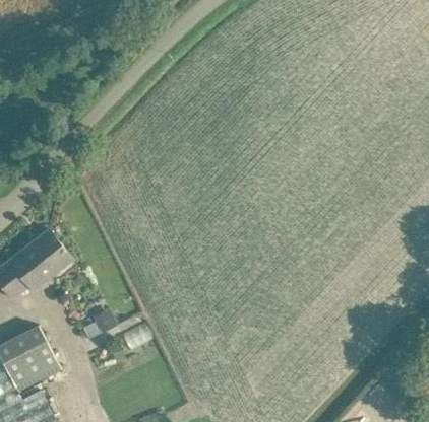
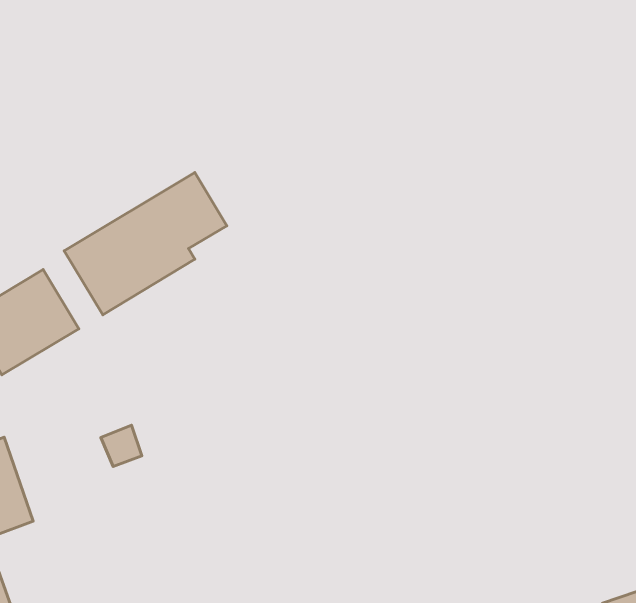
building: none -> [64,172,227,315]

